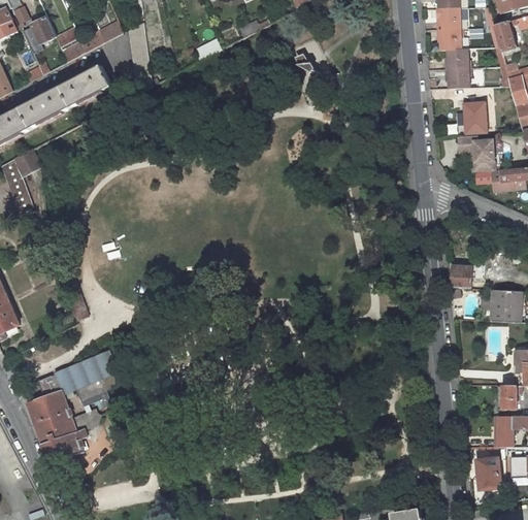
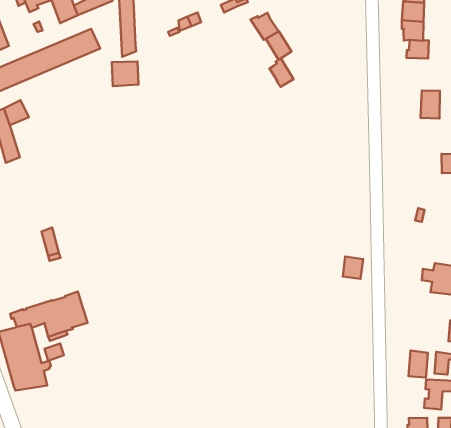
building: none -> [251,13,278,40]
building: [444,67,470,88] -> none
building: none -> [269,58,294,87]
building: none -> [112,61,138,86]
building: [458,134,495,170] -> none
building: [451,264,471,287] -> [343,257,363,279]
building: none -> [408,350,428,378]

